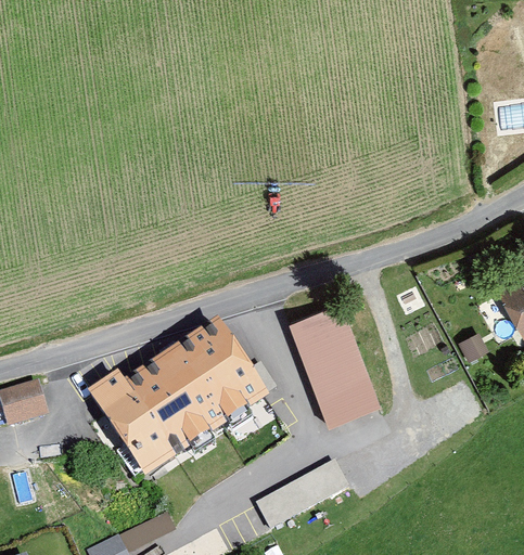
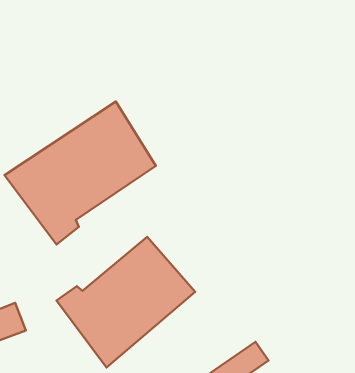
building: none -> [5,102,156,245]
building: [289,305,380,427] -> none

